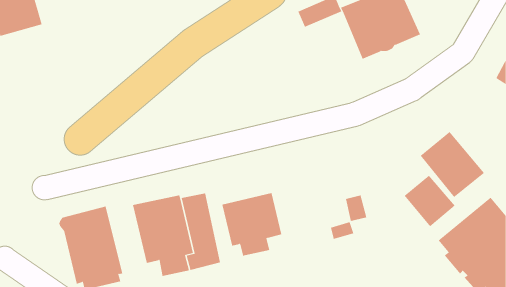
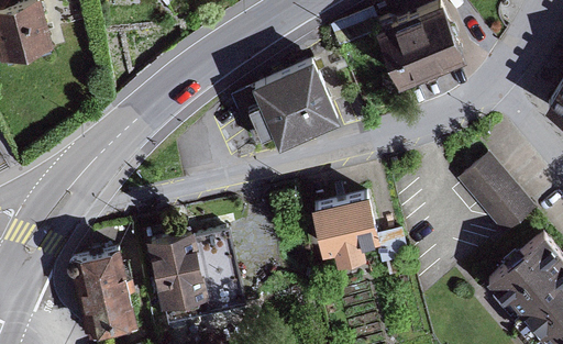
building: none -> [231,56,340,145]
building: [404,175,455,227] -> none
building: [221,193,282,256] -> [312,192,379,263]

